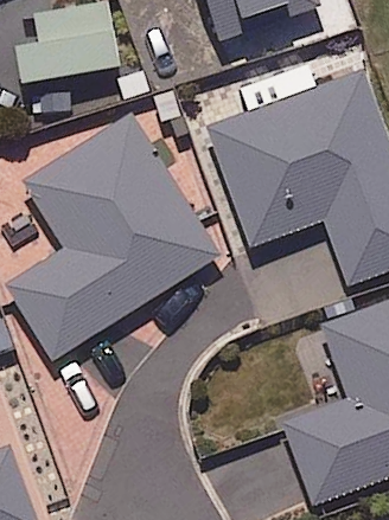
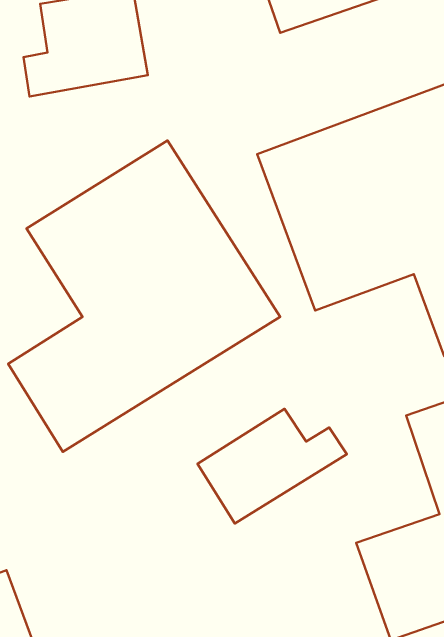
building: none -> [198,409,347,523]

